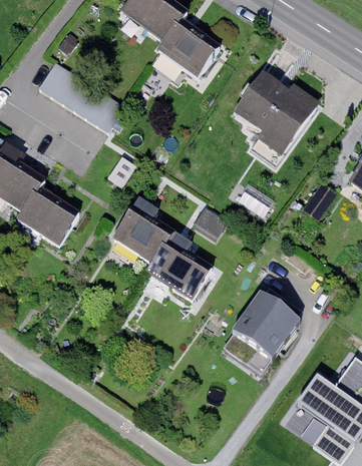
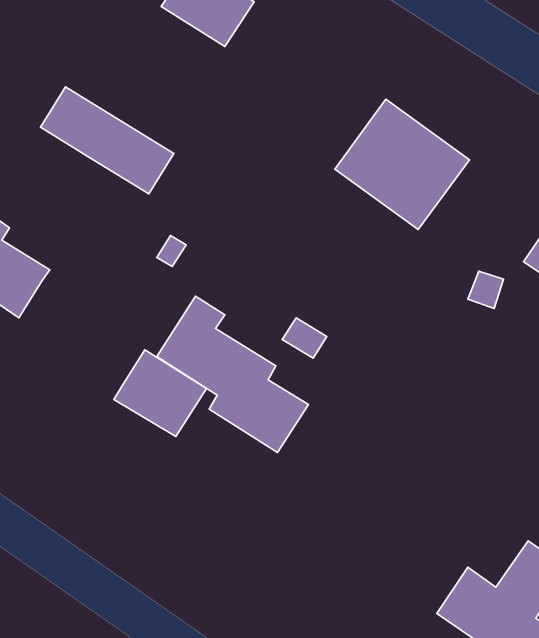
building: [150,19,213,77] -> none
building: [19,187,79,244] -> [114,350,207,437]
building: [228,298,300,370] -> none

